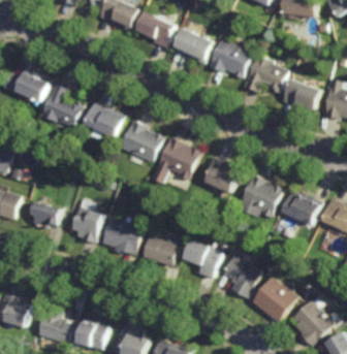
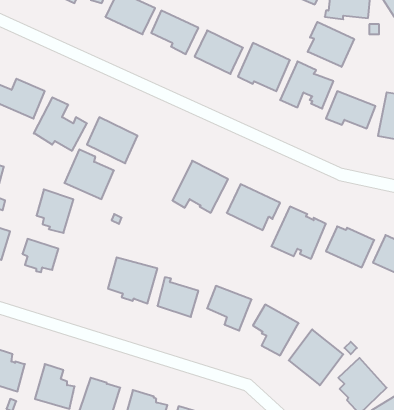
building: none -> [308,22,354,67]
building: [120,120,161,161] -> [64,149,114,199]
building: [70,206,101,243] -> [36,189,73,233]

